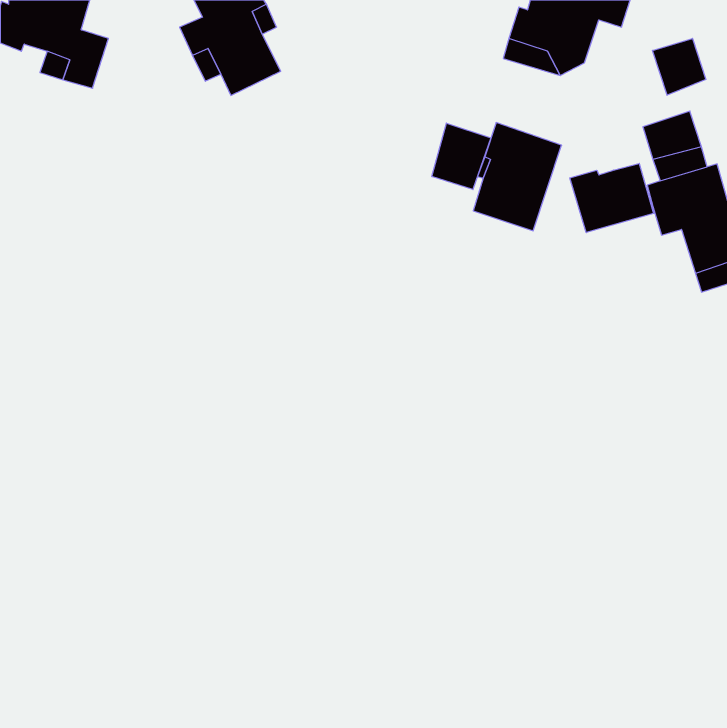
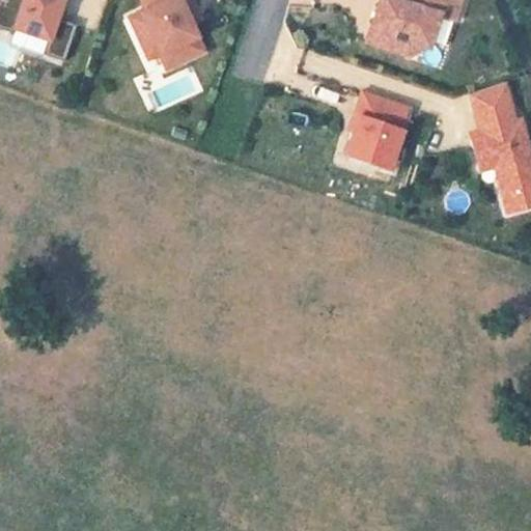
building: [653,38,706,95] -> none
building: [432,123,491,190] -> none
building: [570,163,653,233] -> none

